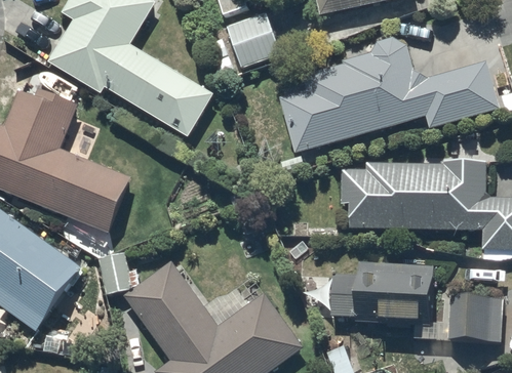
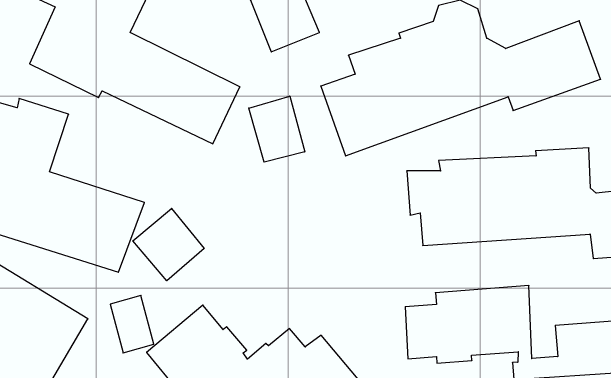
building: none -> [249,96,305,162]
building: none -> [133,208,204,281]

